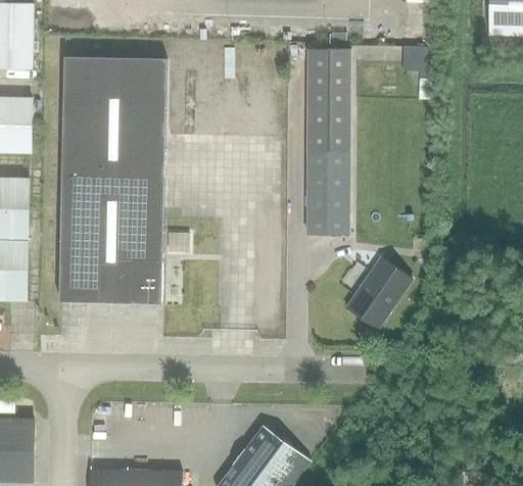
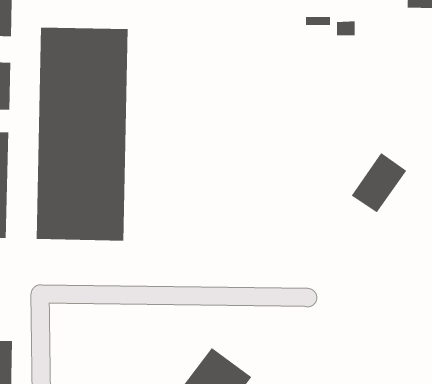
building: [306,48,350,234] -> none
building: [346,257,412,328] -> [351,152,407,213]

